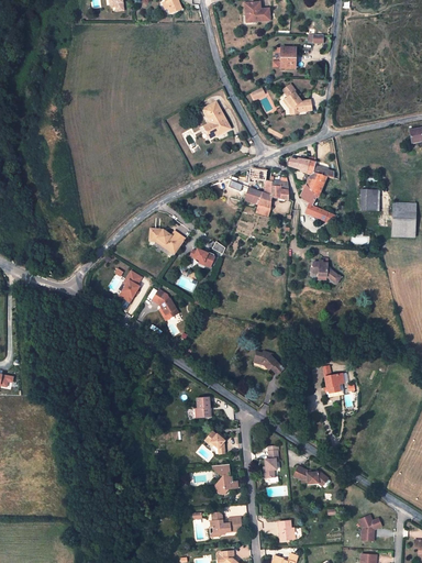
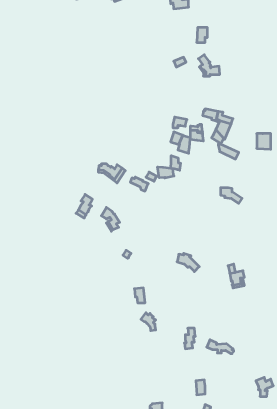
building: [202,101,231,137] -> none
building: none -> [158,156,181,178]
building: [211,463,238,494] -> none
building: [210,511,242,533] -> none

